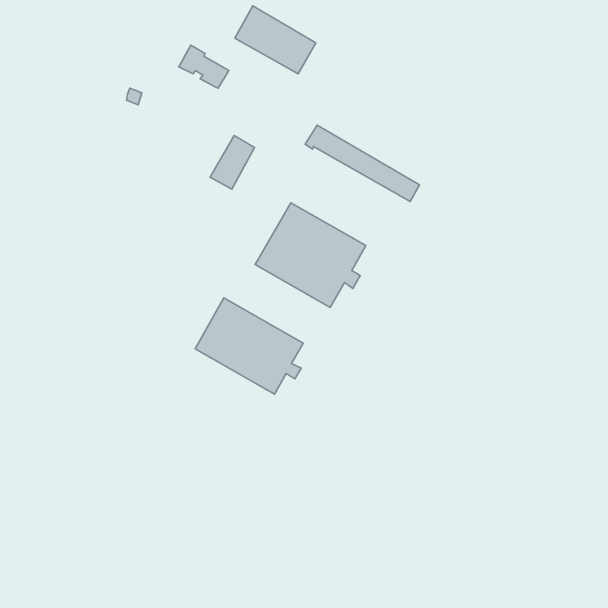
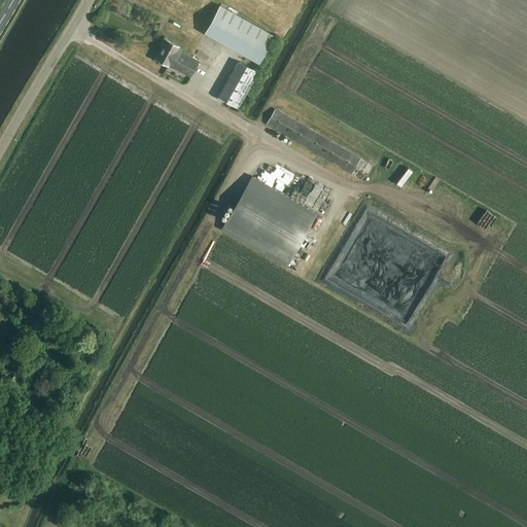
building: [210,135,254,189] -> [218,61,256,107]
building: [195,298,303,394] -> none

